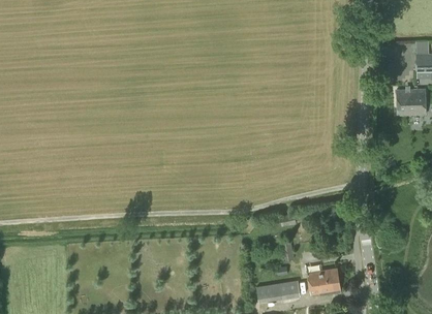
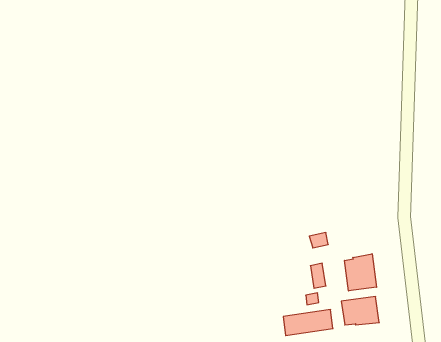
building: none -> [345,254,377,291]

